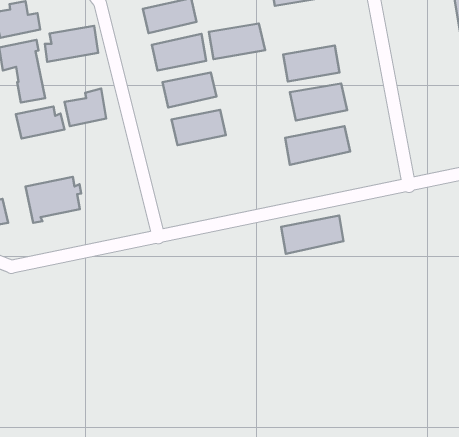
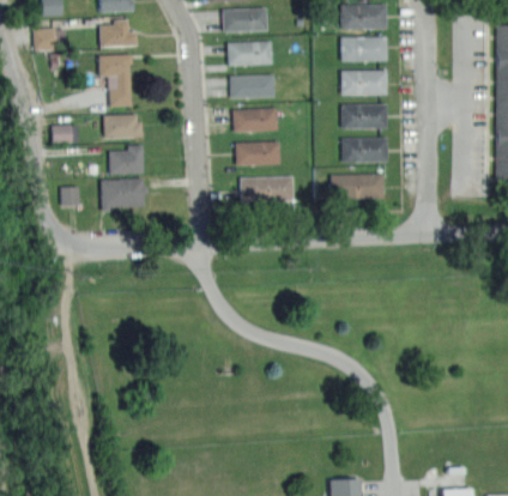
building: [209,23,265,59] -> [341,69,387,93]
building: [45,26,98,62] -> none
building: [64,89,106,126] -> [109,145,143,173]
building: [281,215,344,254] -> [241,176,292,201]

